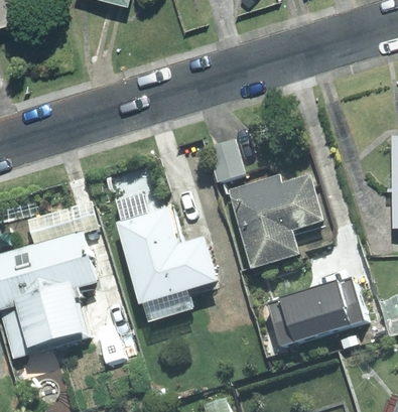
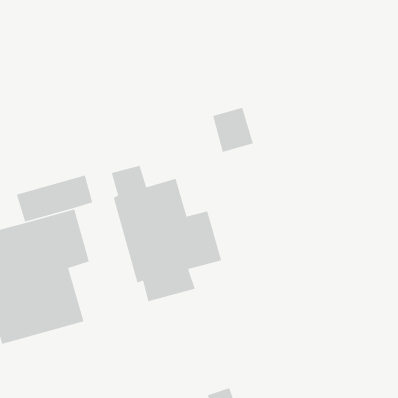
building: [228,175,323,269] -> none
building: [267,278,364,347] -> none

